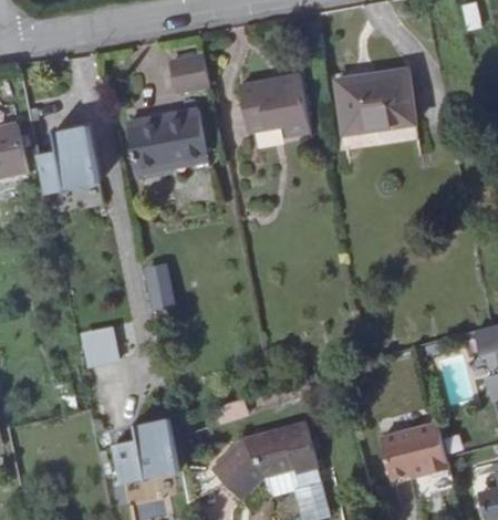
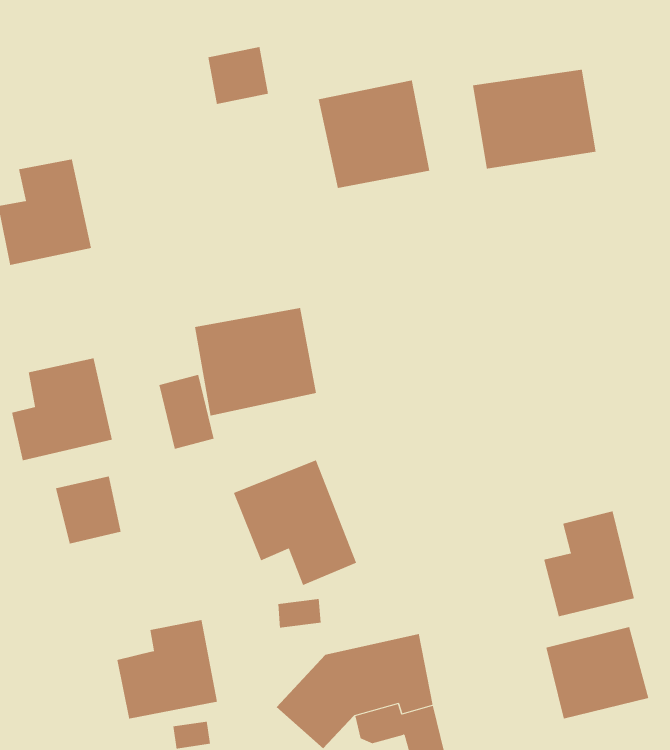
building: [132,108,209,177] -> [194,307,317,416]
building: none -> [12,358,113,461]
building: none -> [233,460,357,586]
building: none -> [543,510,634,617]

